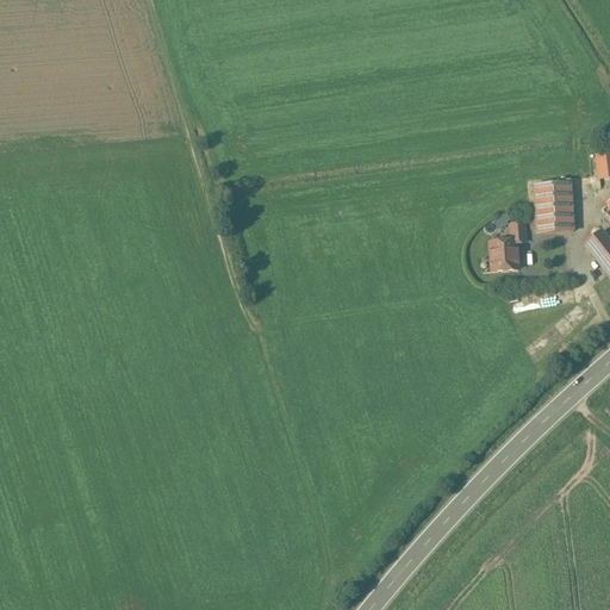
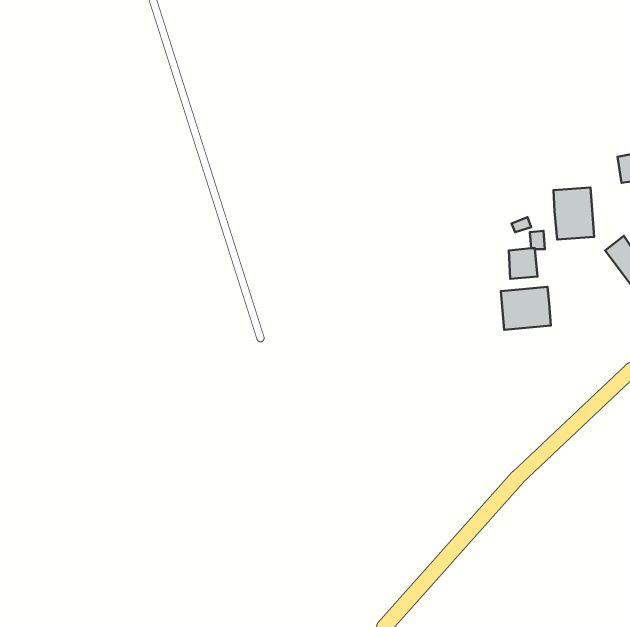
building: none -> [501,287,551,330]

